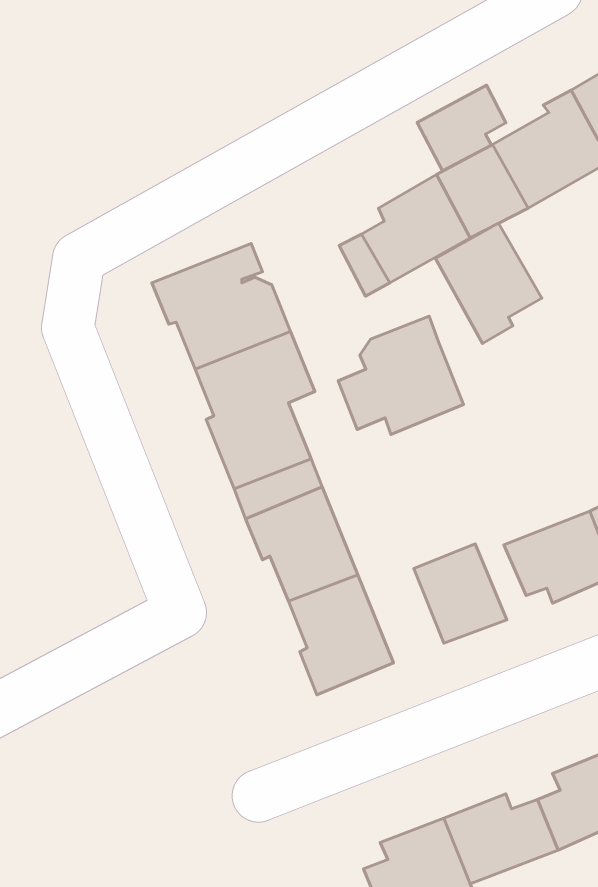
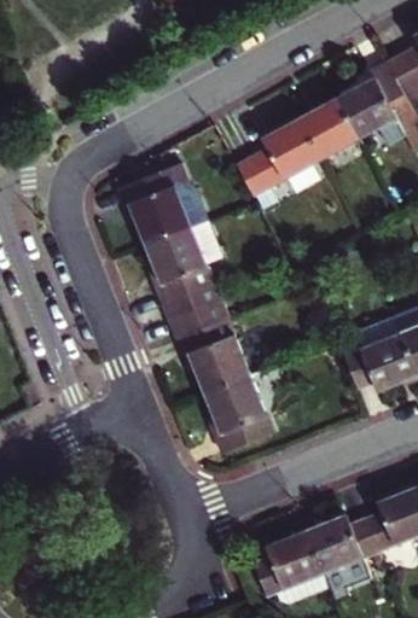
building: [417,85,506,171] -> none
building: [436,223,542,344] -> none
building: [338,316,464,435] -> none
building: [414,544,507,643] -> none

